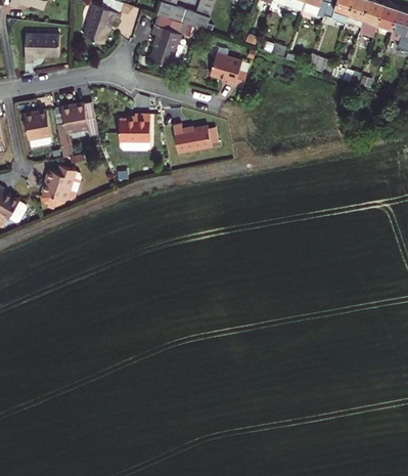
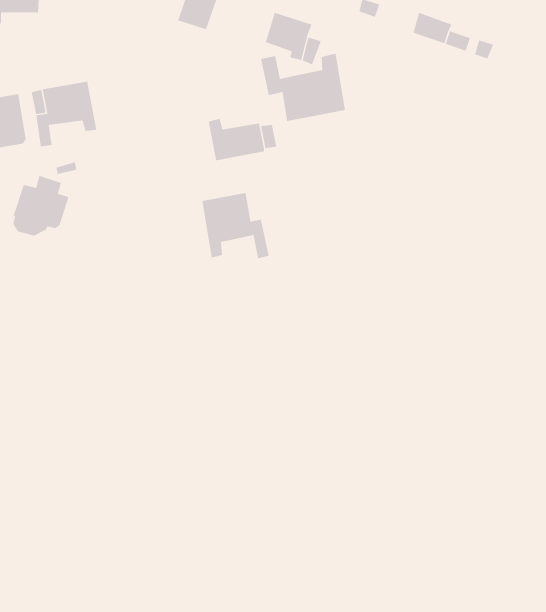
building: none -> [260,53,346,122]
building: [117,113,148,148] -> none
building: none -> [201,192,269,259]

